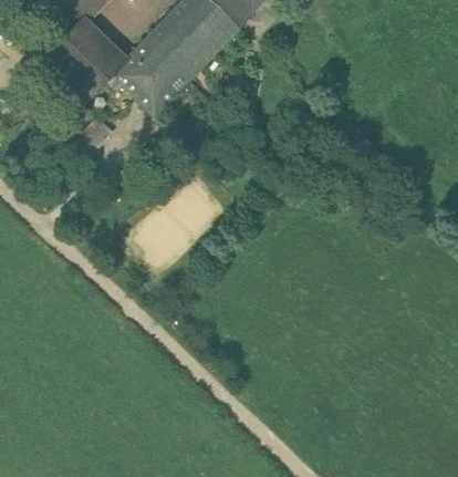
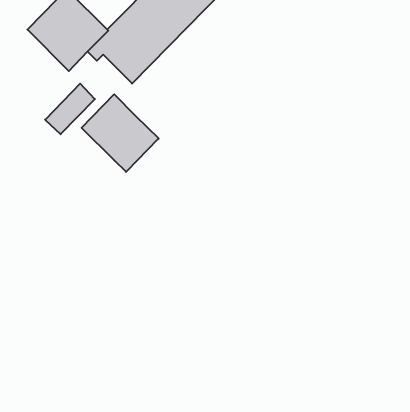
building: none -> [82,94,159,172]

